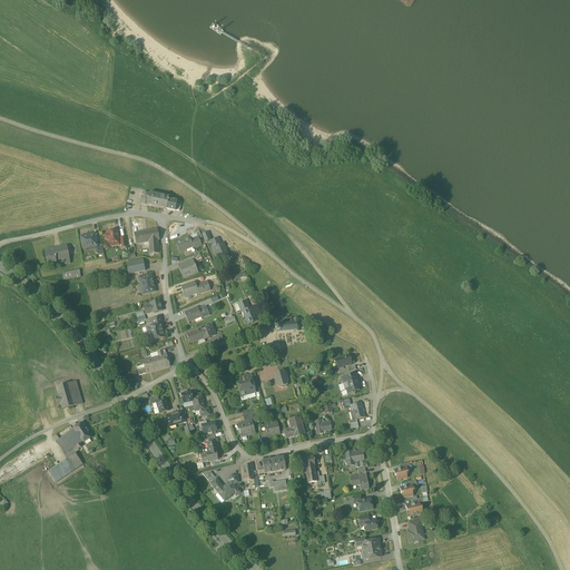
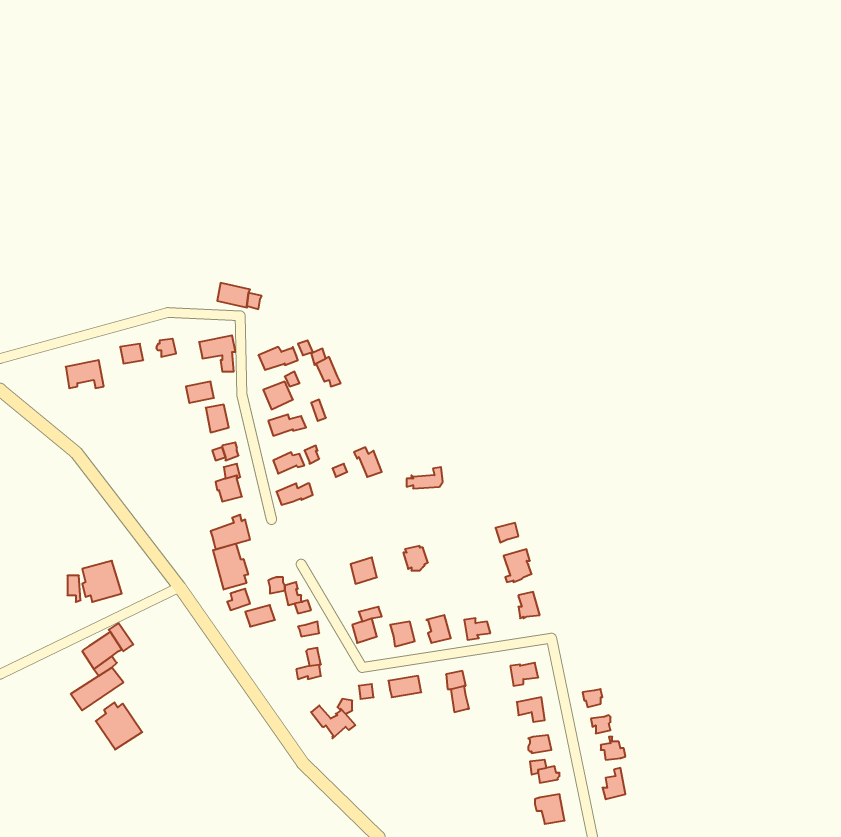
building: none -> [213,544,248,590]
building: none -> [96,702,142,750]

